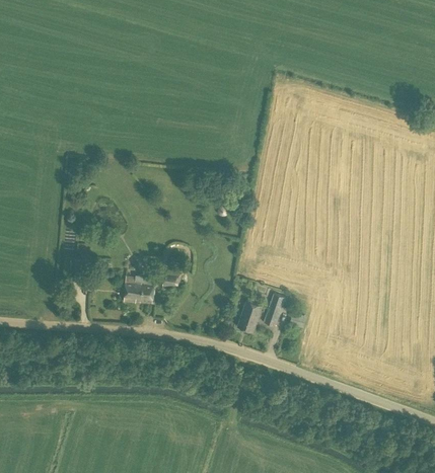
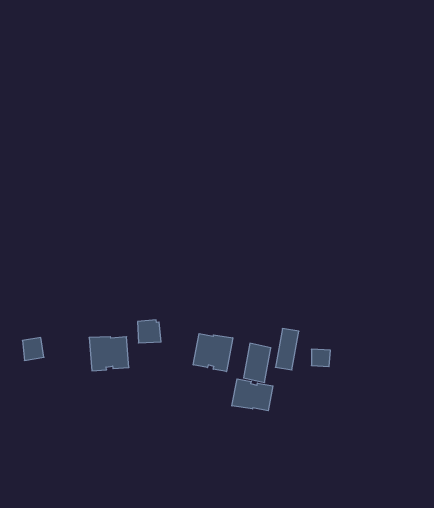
building: none -> [193,334,233,372]
building: none -> [232,379,273,411]

